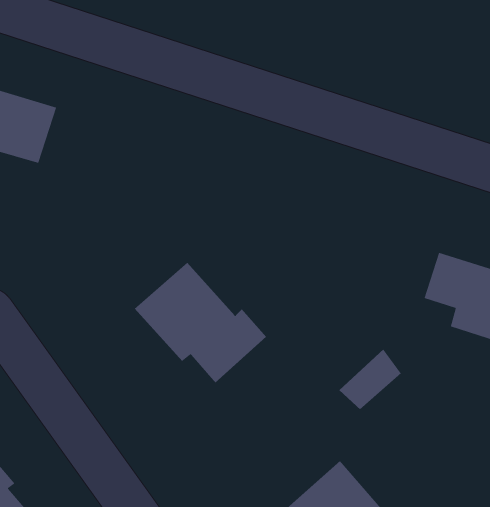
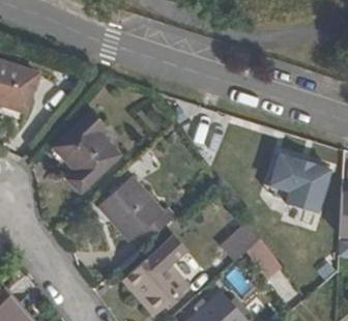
building: none -> [51,107,118,185]
building: none -> [124,250,187,314]

